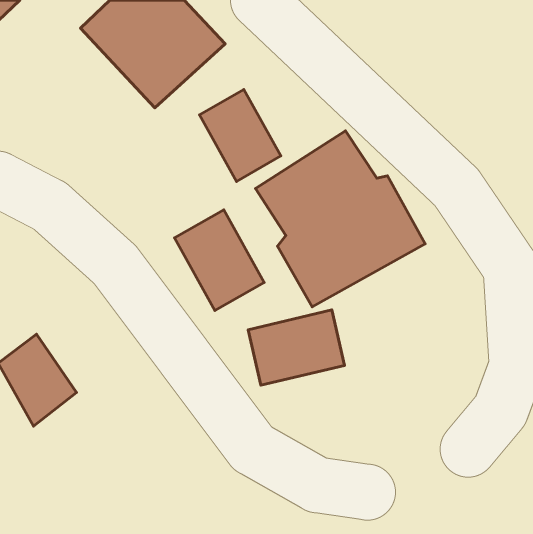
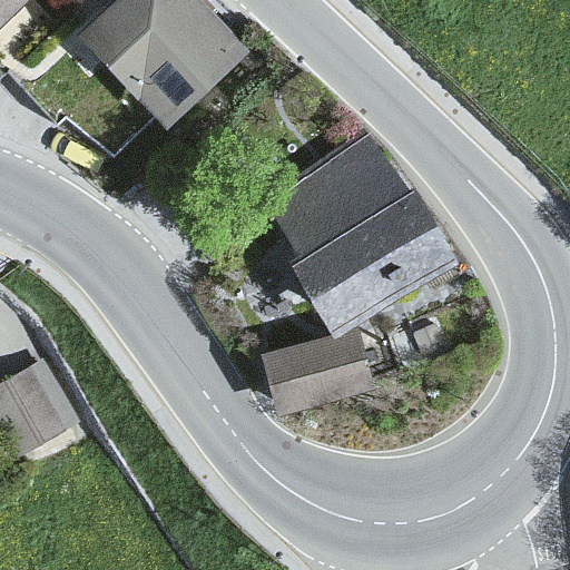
building: [199,89,281,181] -> none
building: [174,210,264,310] -> none

